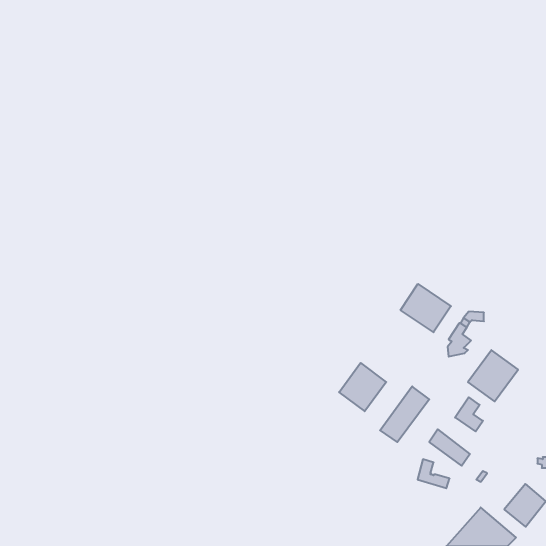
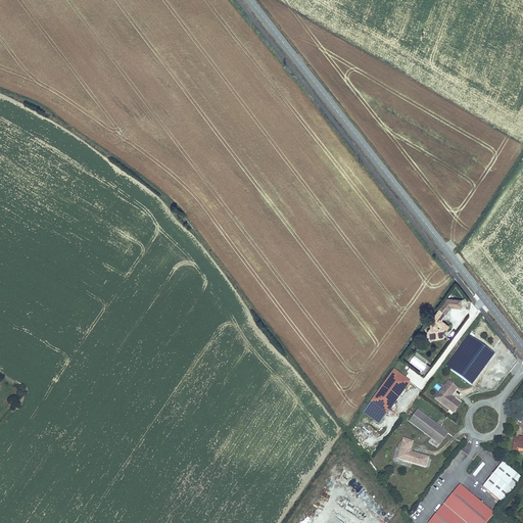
building: [401,284,451,332] -> none
building: [339,363,386,411] -> none

